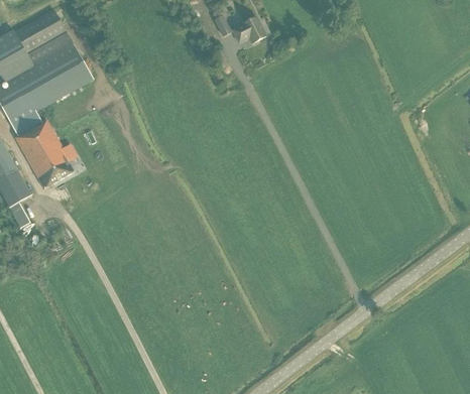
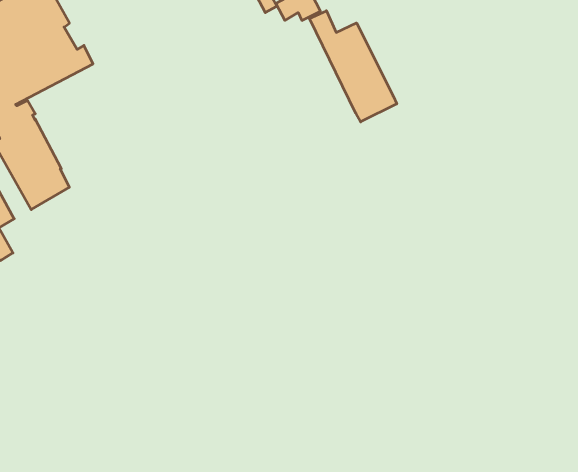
building: none -> [309,11,397,122]

